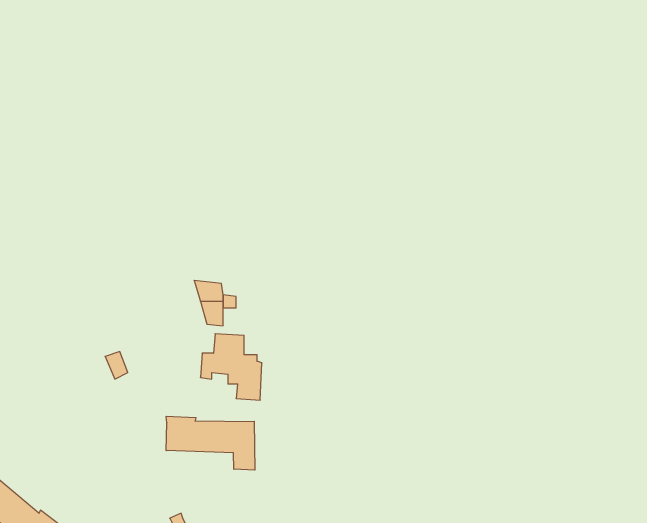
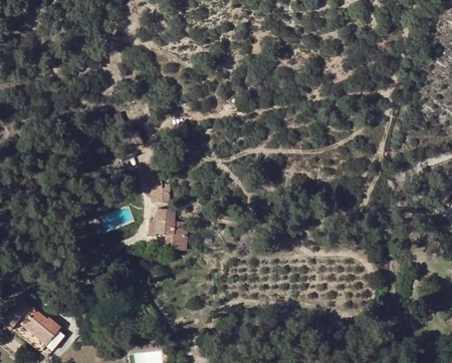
building: [166,416,255,470] -> none

